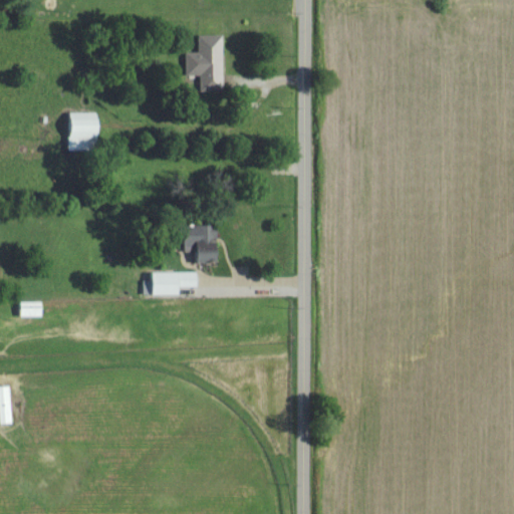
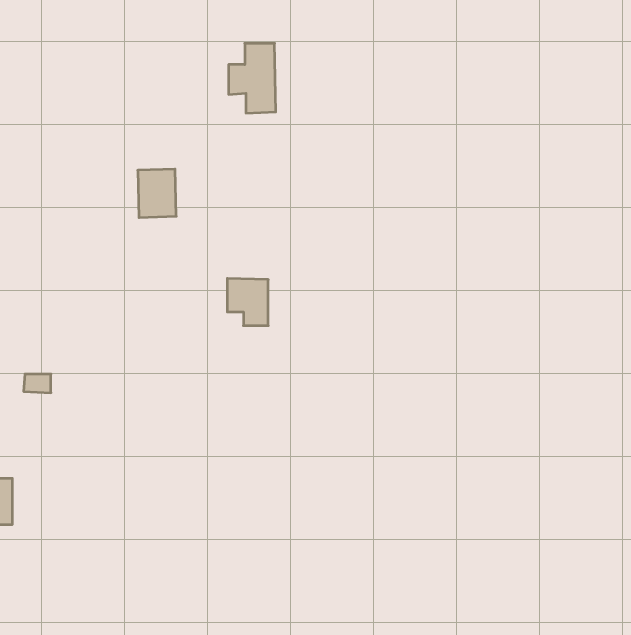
building: [67,111,98,151] -> [138,169,176,218]
building: [143,272,197,295] -> none

